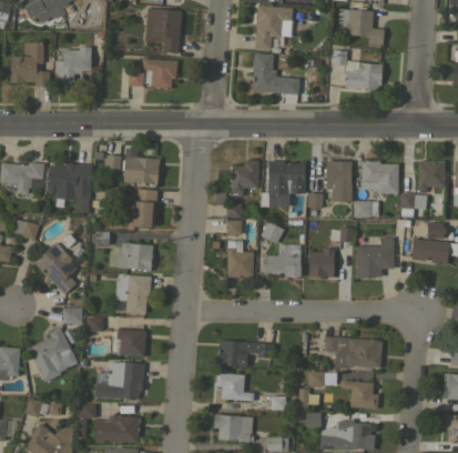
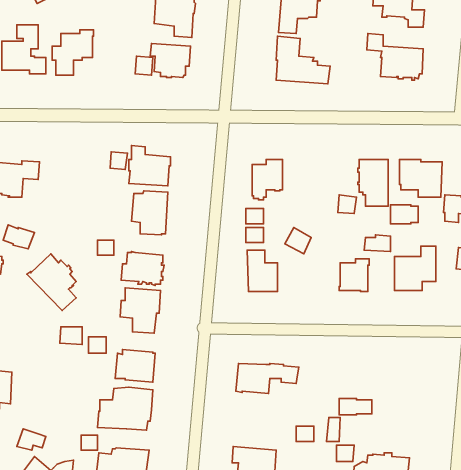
building: [261,161,305,207] -> none
building: [48,163,92,213] -> none
building: [264,255,301,279] -> none
building: [29,328,72,382] -> none
building: [325,336,383,369] -> none
building: [216,373,254,403] -> none
building: [340,381,378,409] -> none

